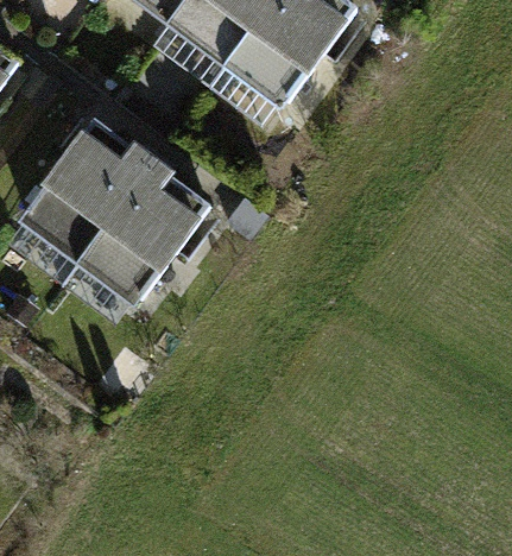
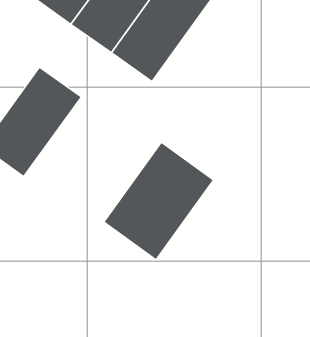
building: [74,150,220,311] -> none
building: none -> [104,142,213,260]

